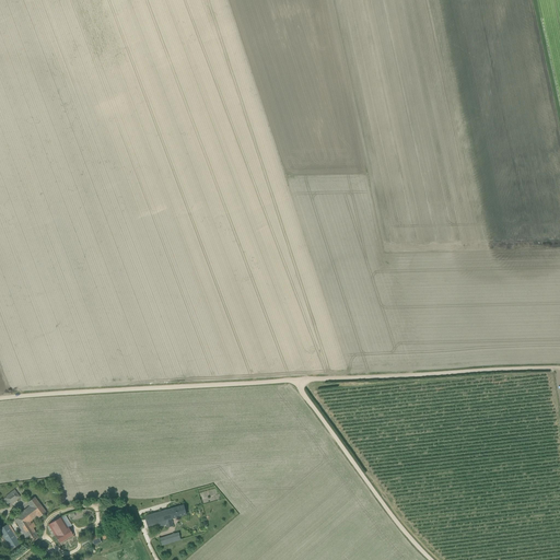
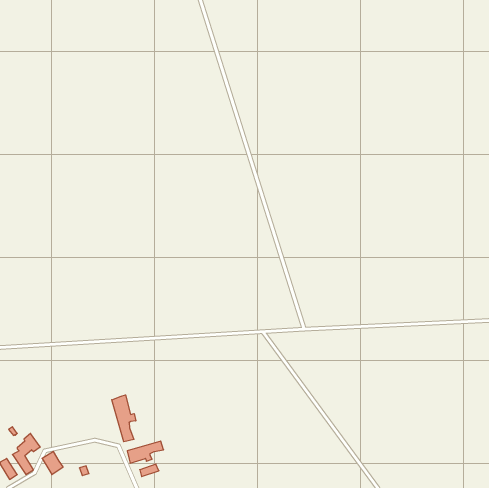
building: none -> [112,395,136,442]

